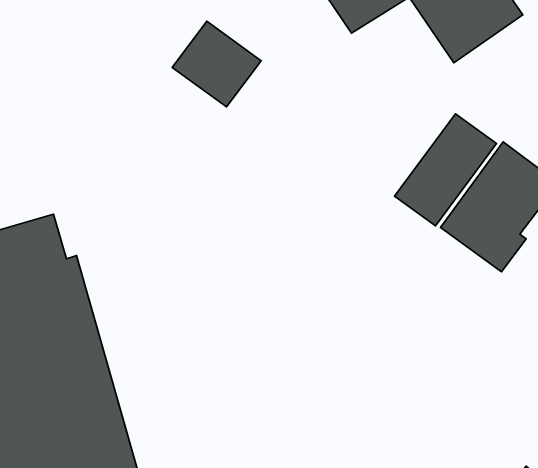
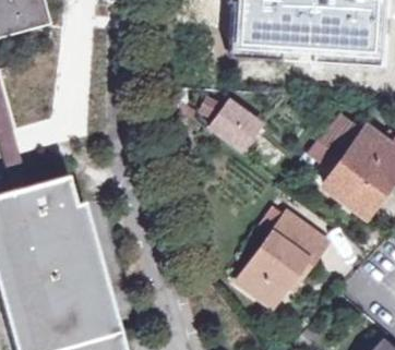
building: [172,21,261,107] -> [206,99,265,156]
building: none -> [239,212,328,305]

